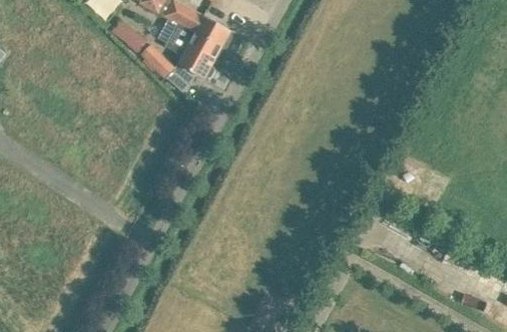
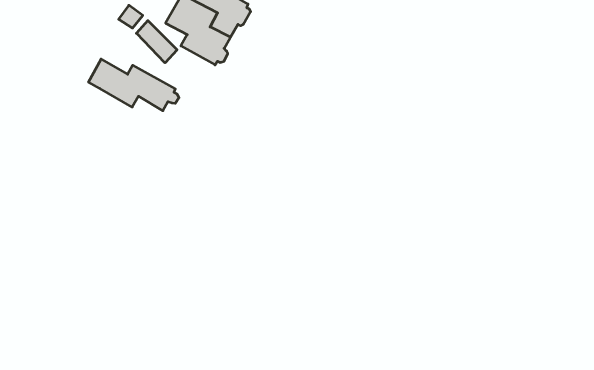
building: none -> [89,59,179,111]

